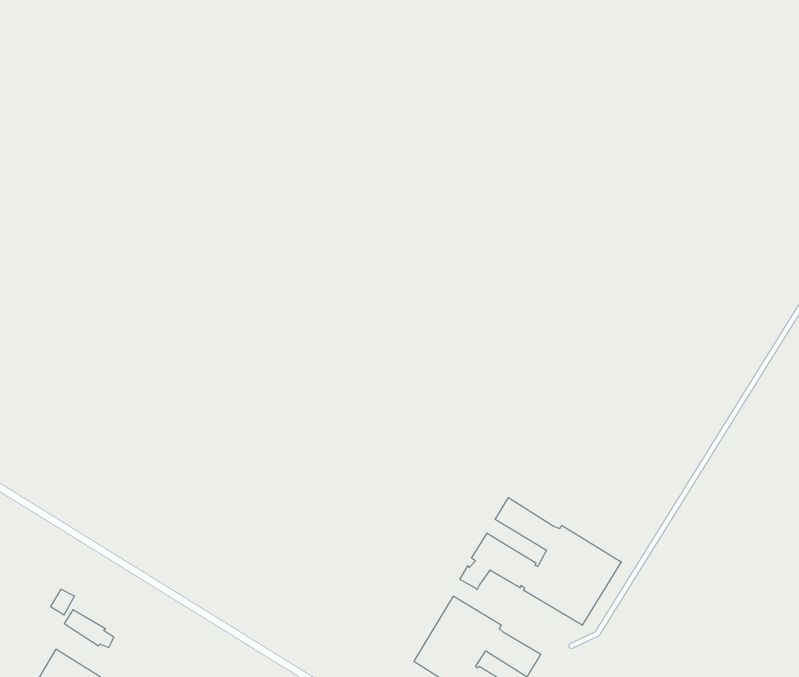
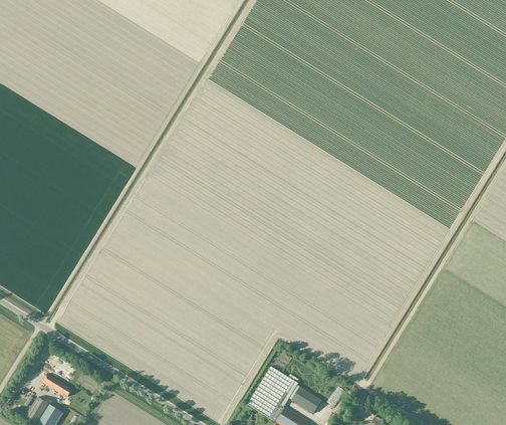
building: [460,498,621,625] -> none

